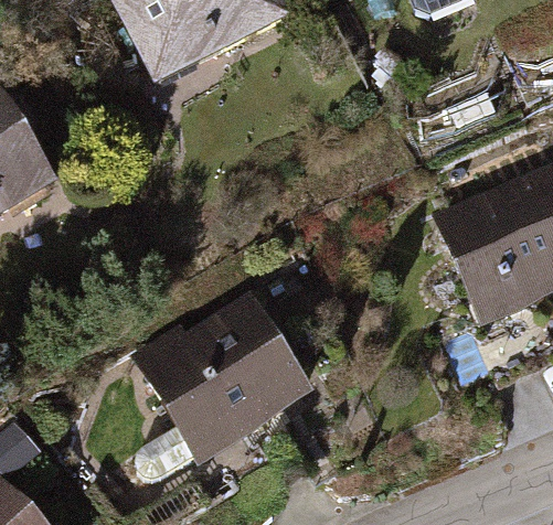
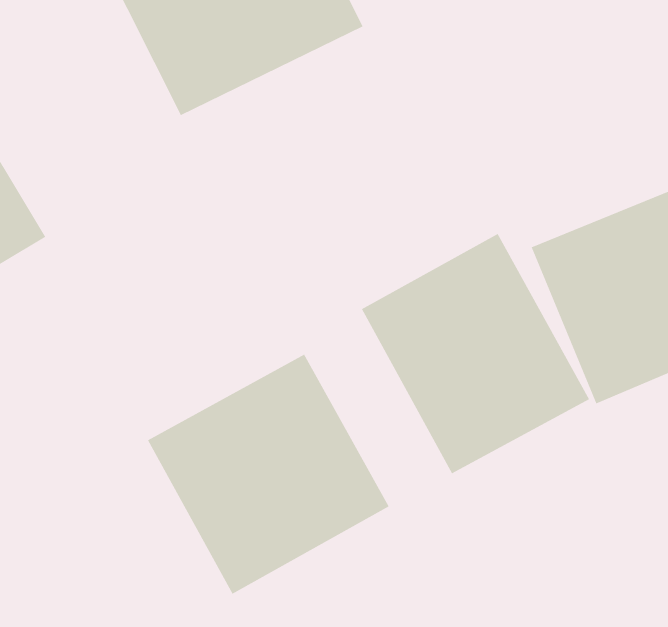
building: none -> [361,233,590,474]

